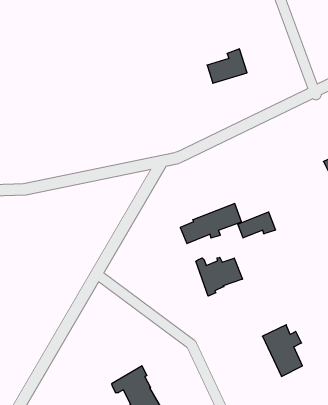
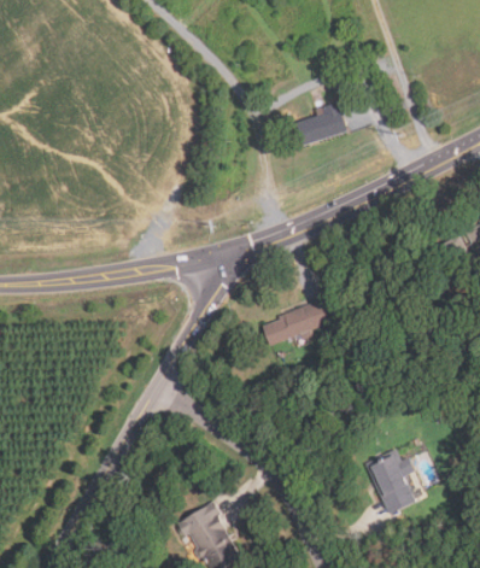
building: [238,212,275,238] -> none
building: [196,257,242,296] -> none

